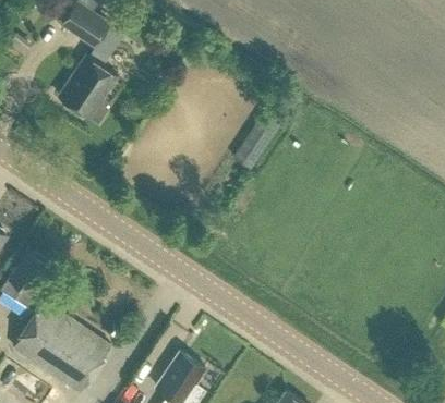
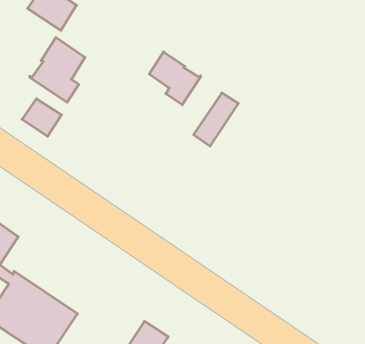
building: none -> [149,52,201,105]
building: none -> [22,99,62,136]

